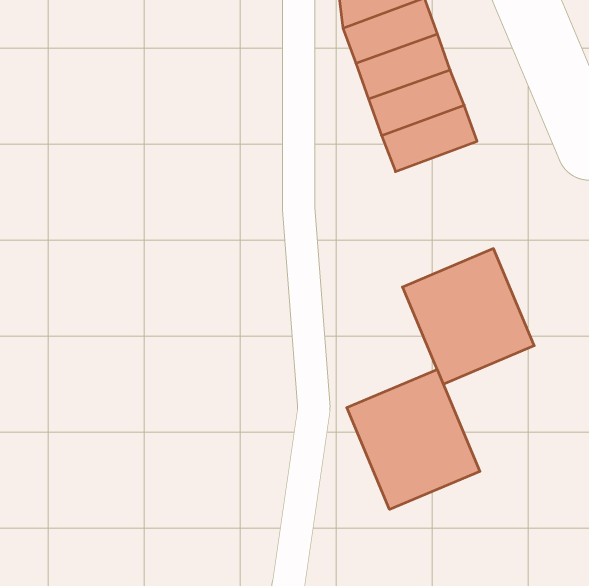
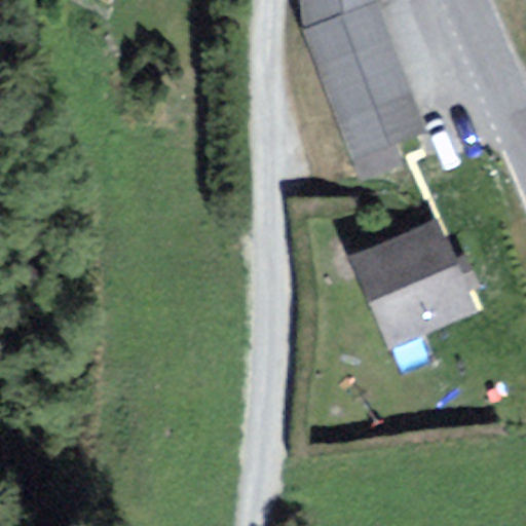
building: [347,370,480,509] -> none

